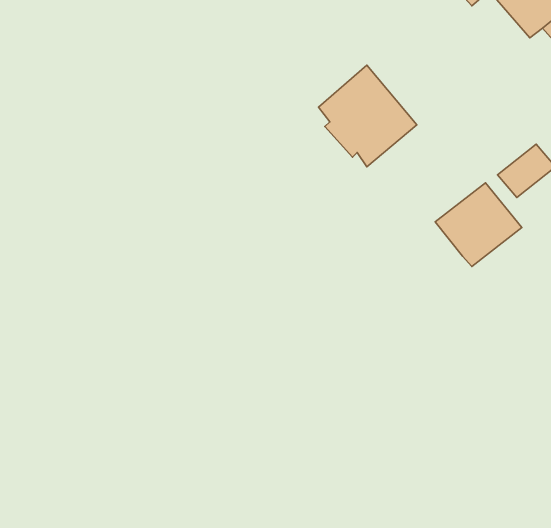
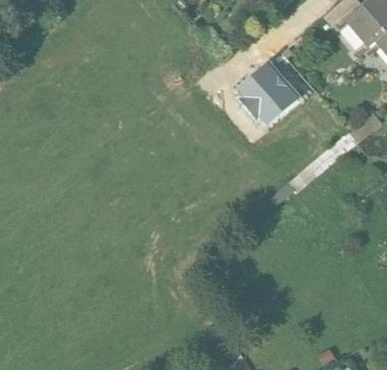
building: [435,183,522,267] -> none

